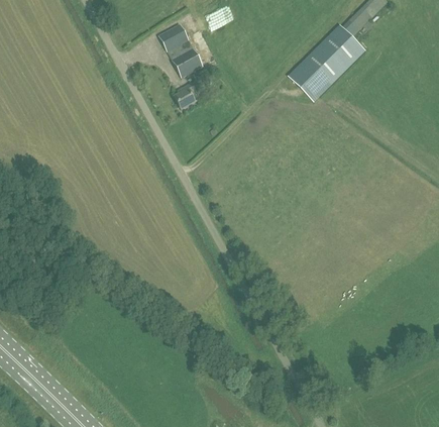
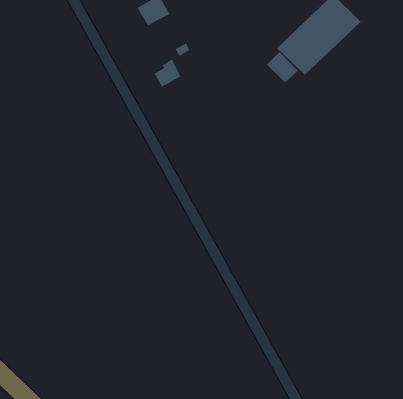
building: [169,42,203,79] -> none
building: none -> [266,51,298,83]

